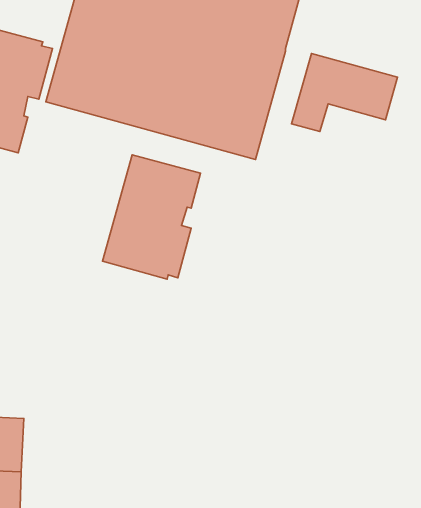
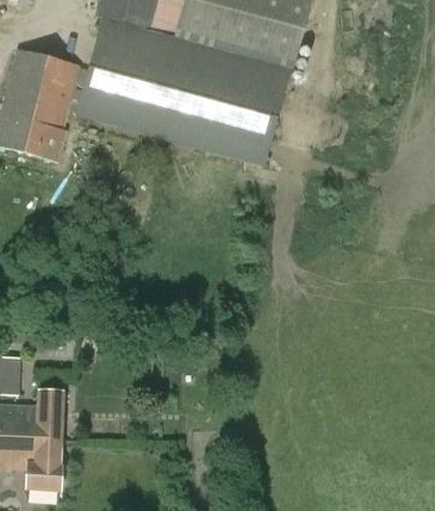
building: [292,54,397,131] -> none
building: [103,155,201,279] -> none

